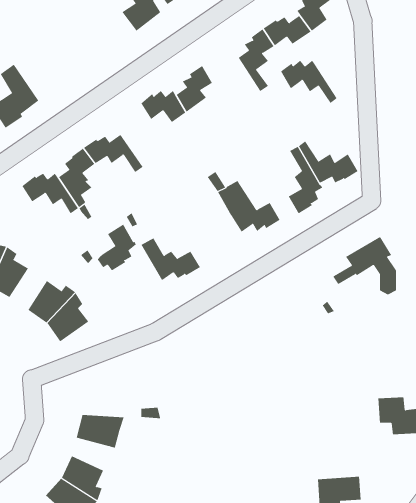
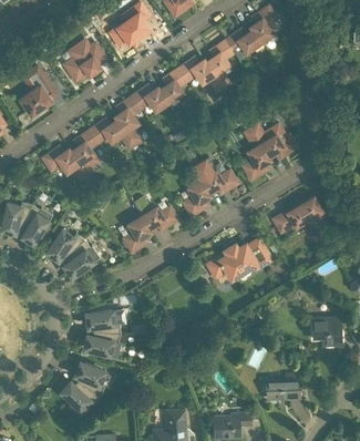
building: none -> [65,41,105,80]
building: [280,60,337,104] -> [179,59,223,92]
building: none -> [115,96,142,144]
building: none -> [184,181,210,216]
building: [97,224,137,271] -> [121,216,151,252]
building: none -> [207,244,271,278]
building: none -> [86,310,121,332]

